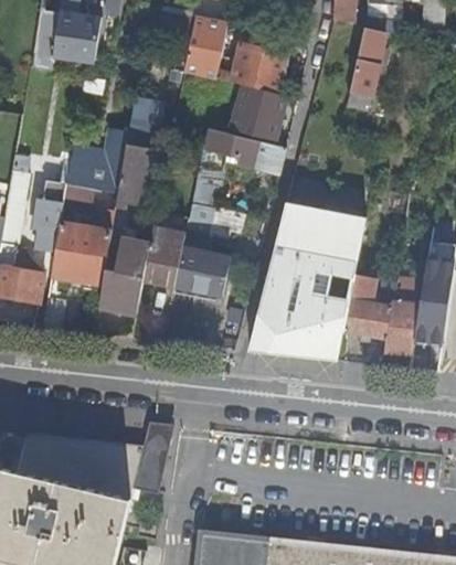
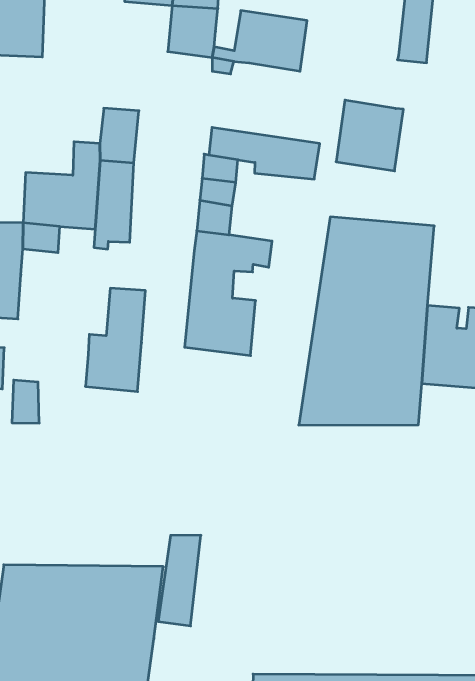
building: [231,85,284,140] -> [336,100,403,171]
building: [51,211,115,285] -> none
building: [142,211,188,287] -> none

